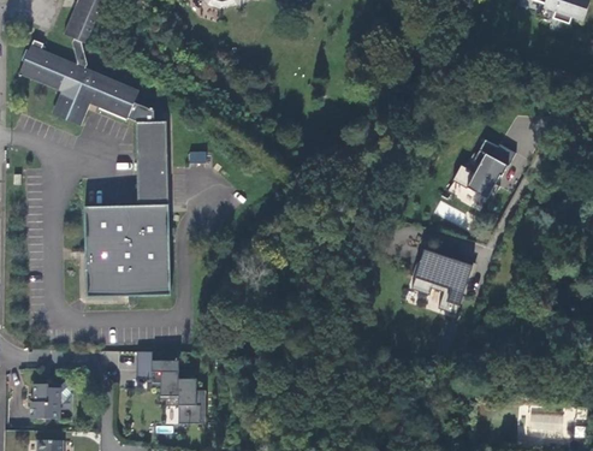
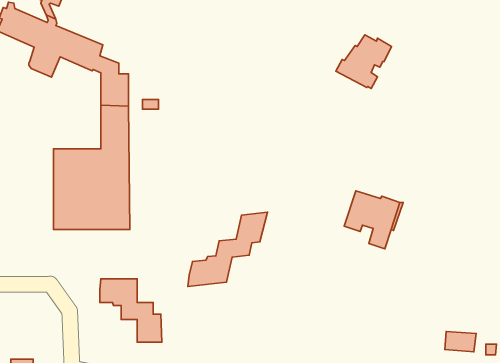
building: [451,141,514,201] -> [336,35,392,88]
building: none -> [188,212,267,286]
building: [31,382,59,417] -> none

